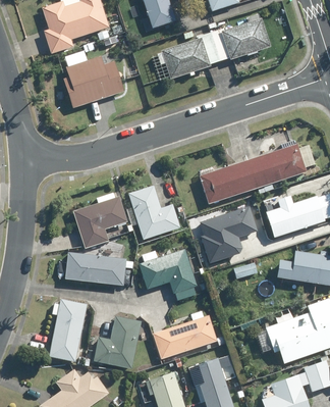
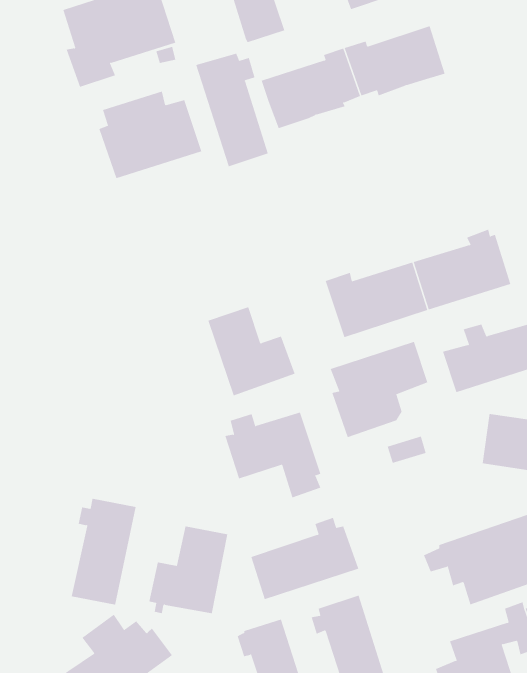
building: none -> [196,53,268,167]
building: [72,191,126,247] -> none
building: [66,252,133,285] -> none

